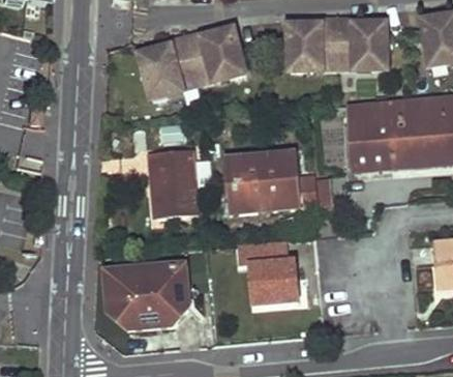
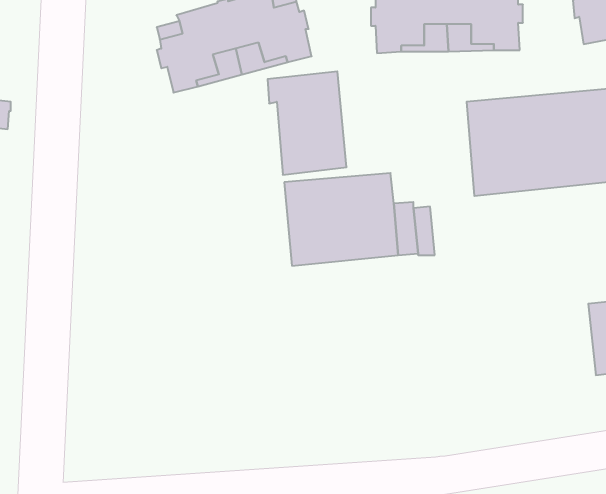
building: [146,147,200,218] -> [268,71,347,175]
building: [234,239,297,306] -> none
building: [108,264,191,330] -> none

